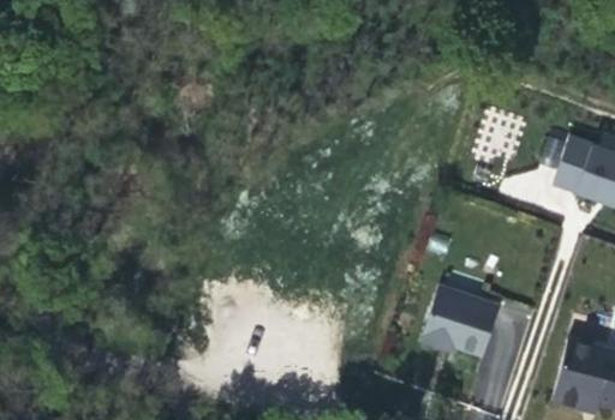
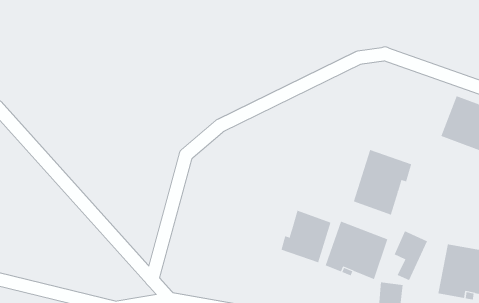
building: none -> [353,149,412,216]
building: none -> [281,210,331,263]

